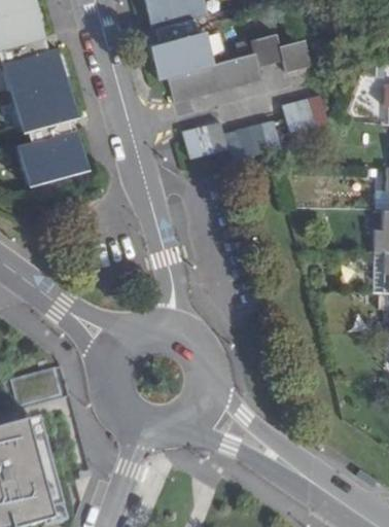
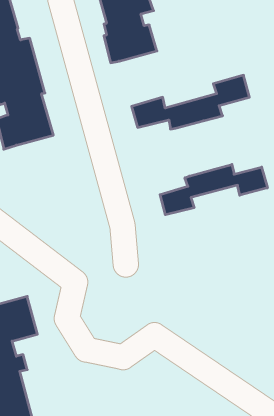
building: [168,35,312,104] -> none
building: none -> [160,164,267,215]

